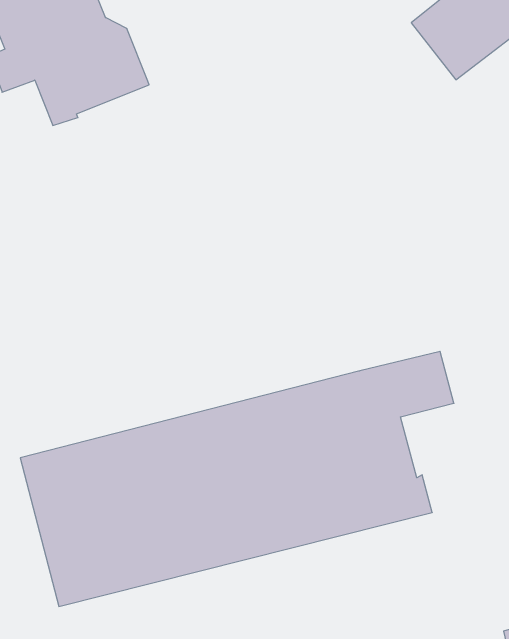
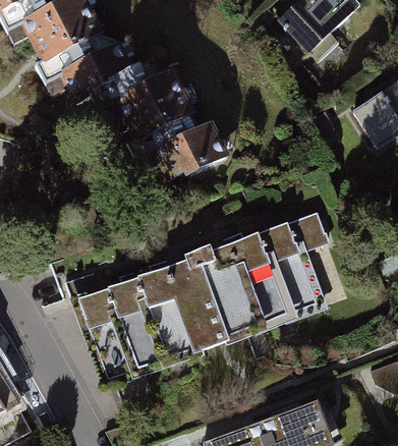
building: none -> [91,59,226,179]

